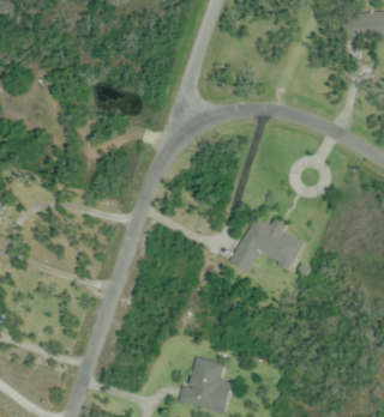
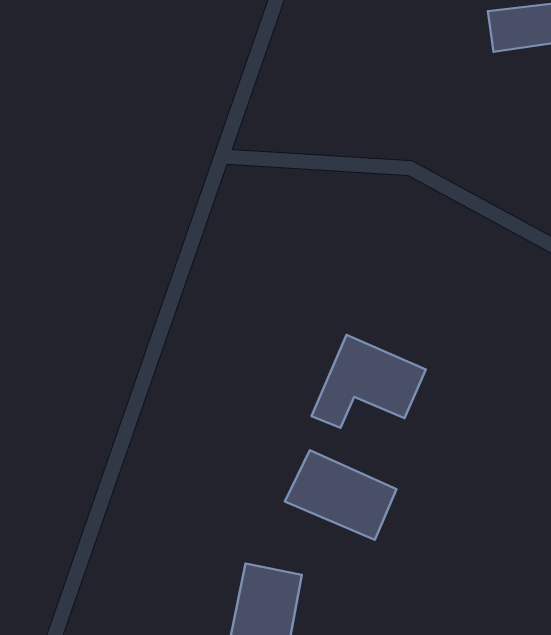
building: none -> [285,450,397,540]

